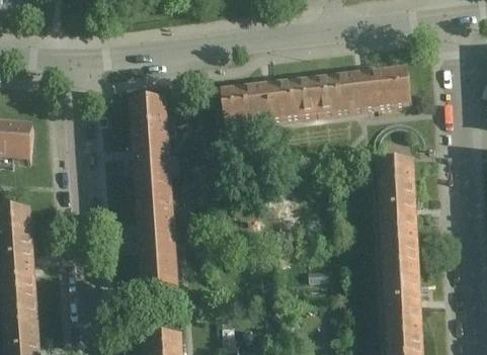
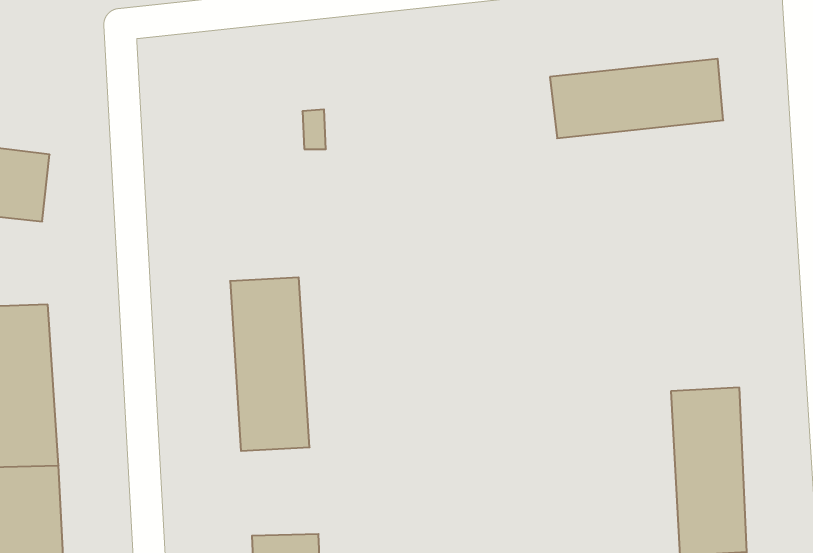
building: [220,78,316,123] -> none
building: [128,100,171,192] -> none
building: [376,159,418,254] -> none

